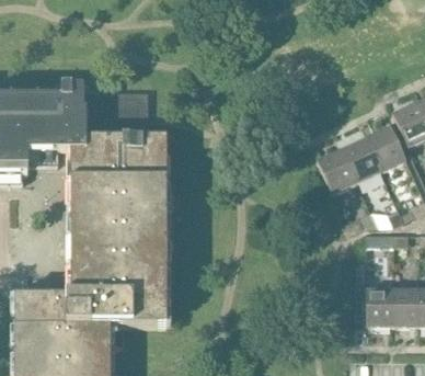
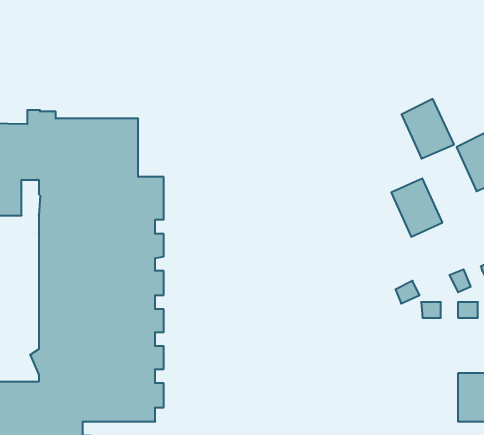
building: [366,126,406,172] -> [401,99,454,159]
building: [317,149,357,195] -> none
building: [366,288,393,326] -> none

